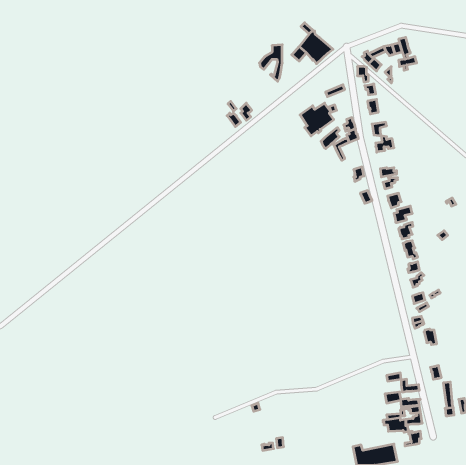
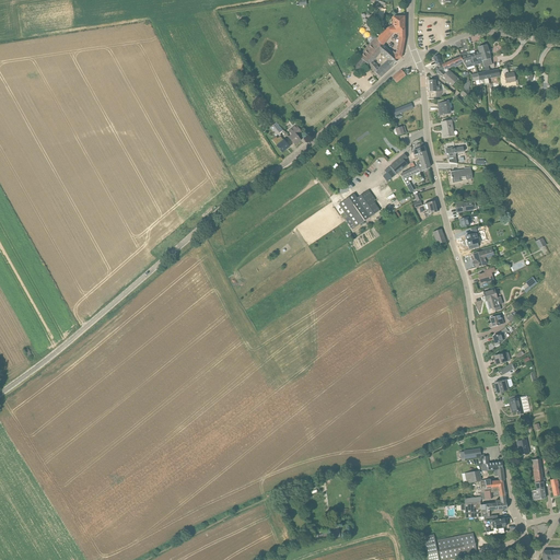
building: [259,45,282,81] -> [377,15,405,59]
building: [300,103,334,136] -> [339,189,380,229]

